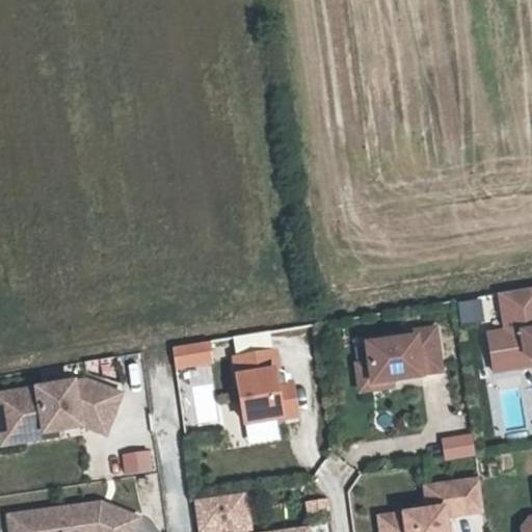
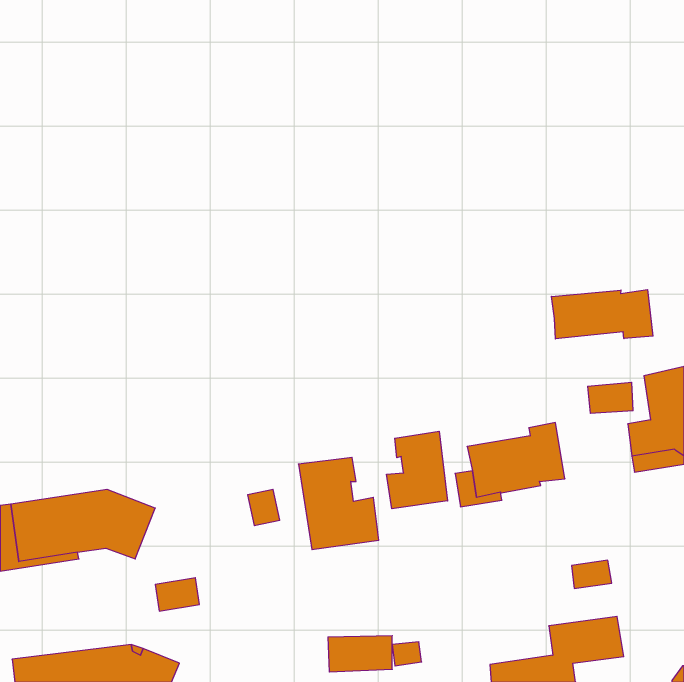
building: none -> [551,290,653,339]
building: none -> [387,431,448,509]
building: [170,342,211,368] -> none
building: [193,496,243,524] -> [328,636,392,672]

